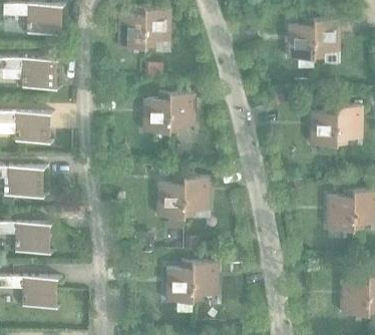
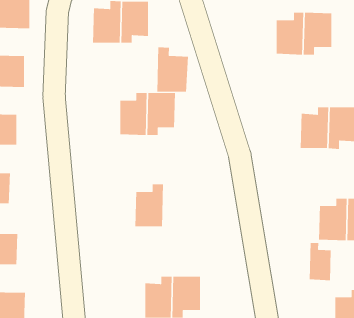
building: none -> [156,47,189,92]
building: [183,178,210,218] -> none
building: none -> [309,242,331,281]

